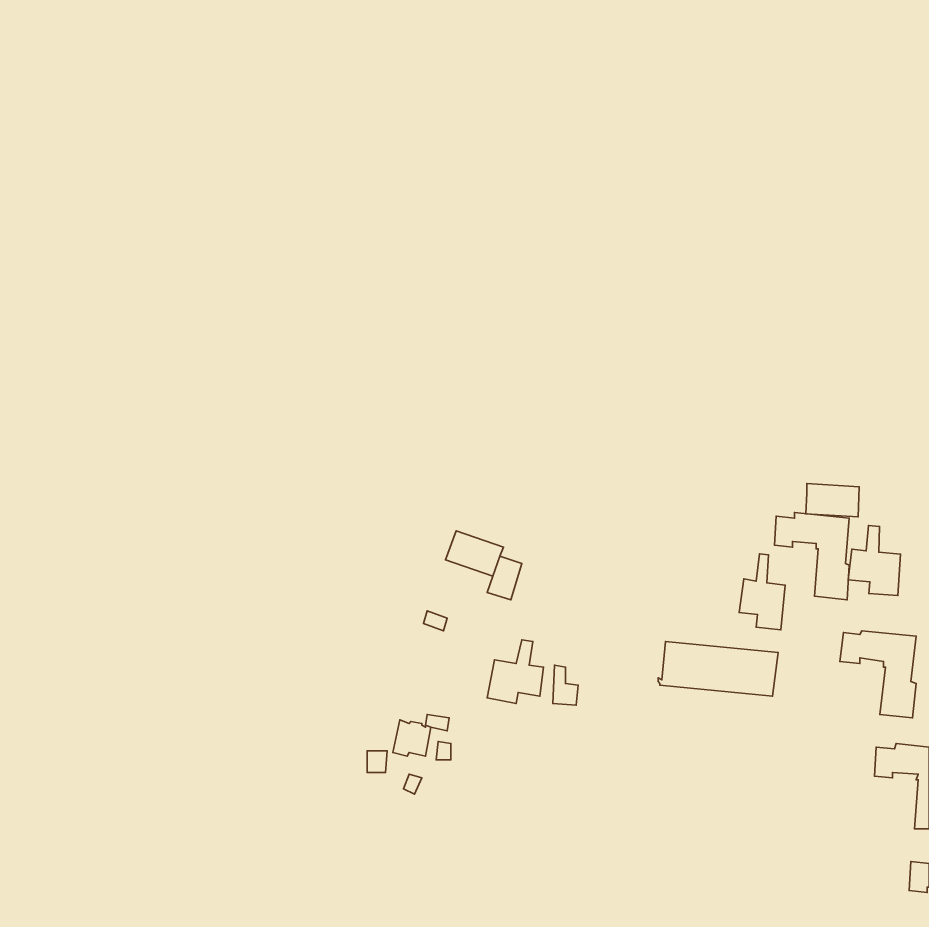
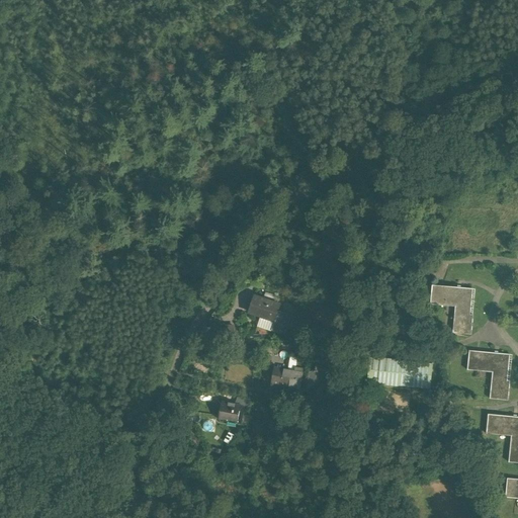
building: [806,484,859,517] -> none
building: [848,526,900,595] -> none
building: [739,554,785,630] -> none

